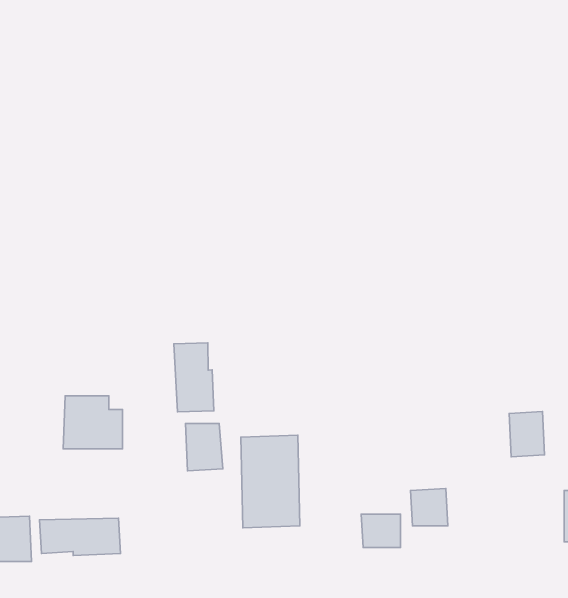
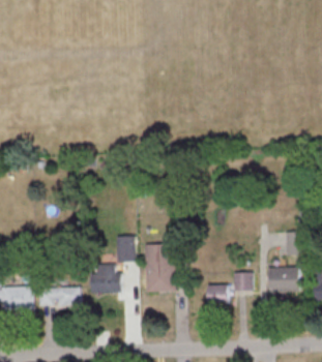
building: [174,343,214,412] -> none
building: [63,396,123,449] -> [90,266,121,294]
building: none -> [268,267,299,293]

